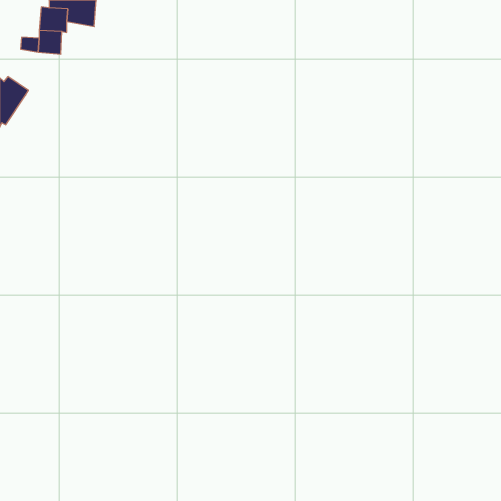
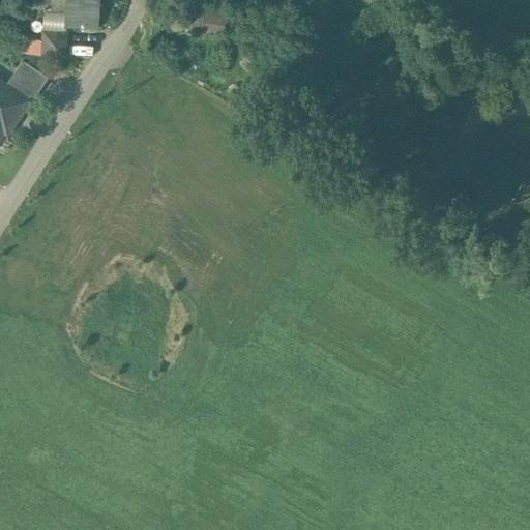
building: none -> [8,61,48,99]

